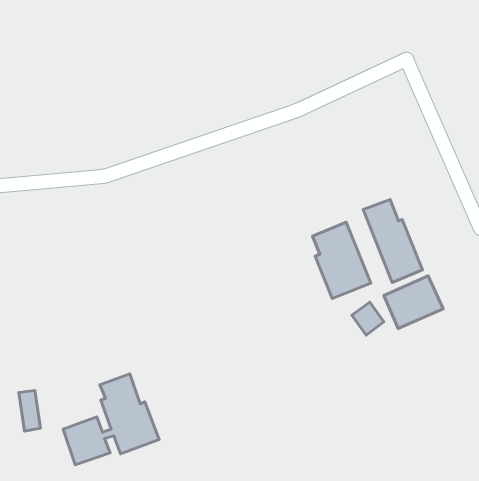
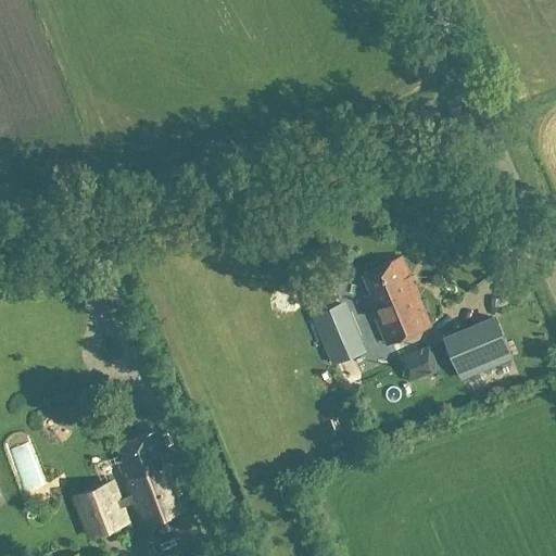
building: [363,199,422,282] -> none
building: none -> [313,300,370,363]

